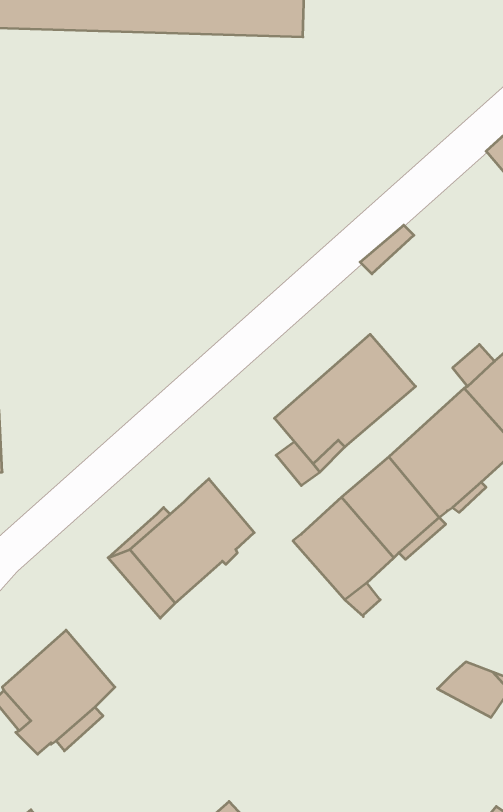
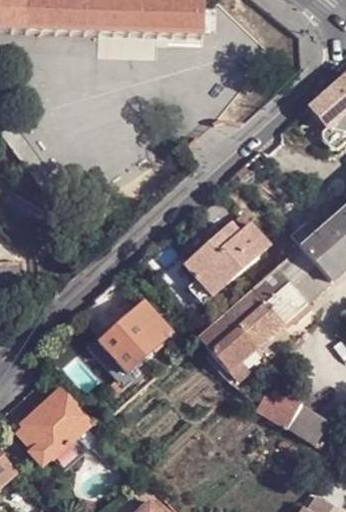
building: none -> [256,391,303,425]

